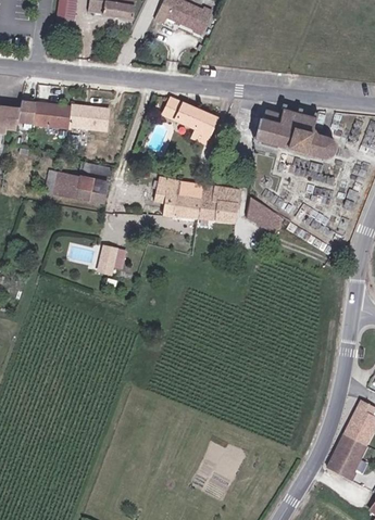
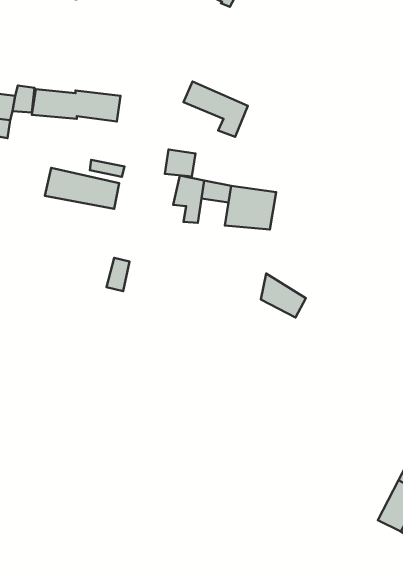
building: [253,103,336,160] -> none
building: [174,195,200,218] -> [165,150,196,177]
building: [246,196,284,233] -> [261,274,306,317]

